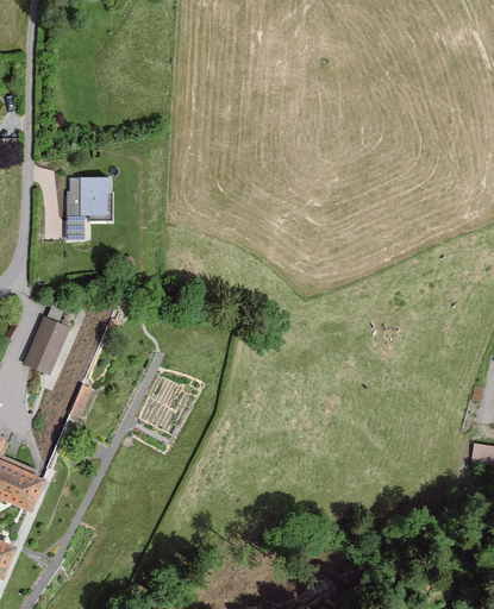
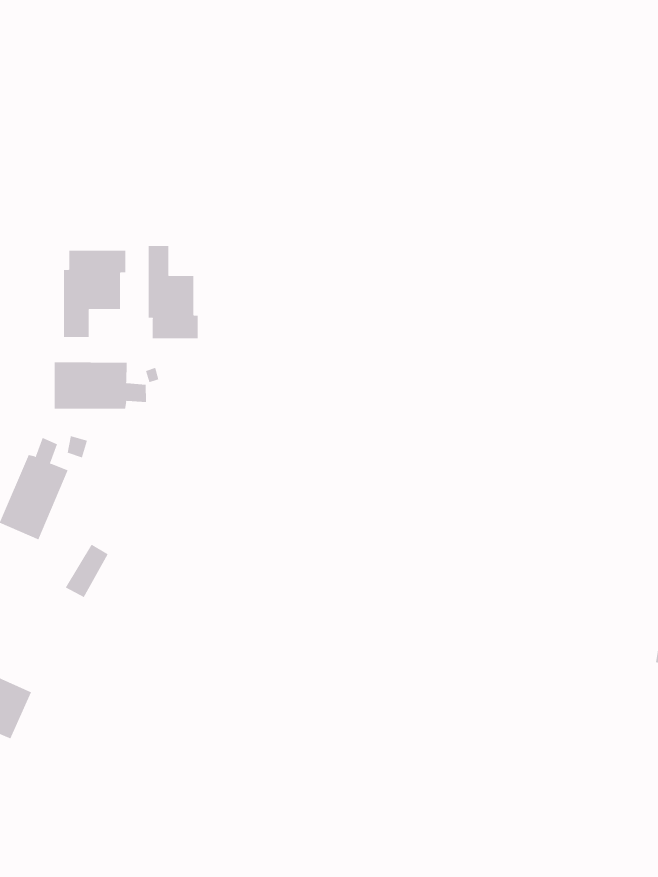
building: none -> [148,245,198,339]
building: none -> [54,361,146,409]

